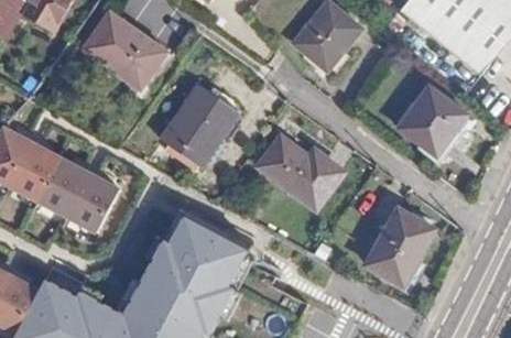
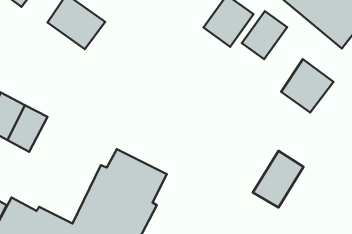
building: none -> [242,11,287,59]
building: [161,83,237,164] -> none
building: [255,141,339,209] -> none
building: [65,170,118,231] -> none

